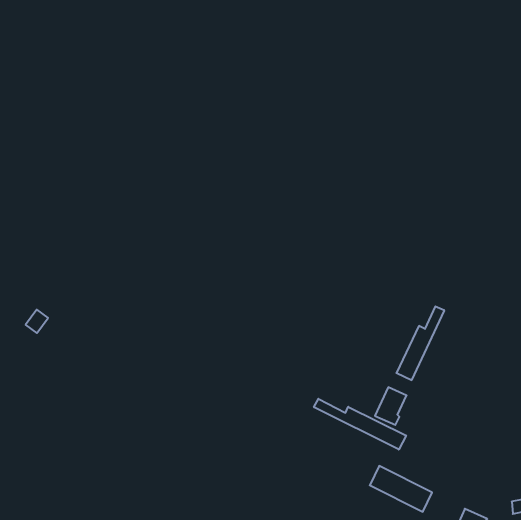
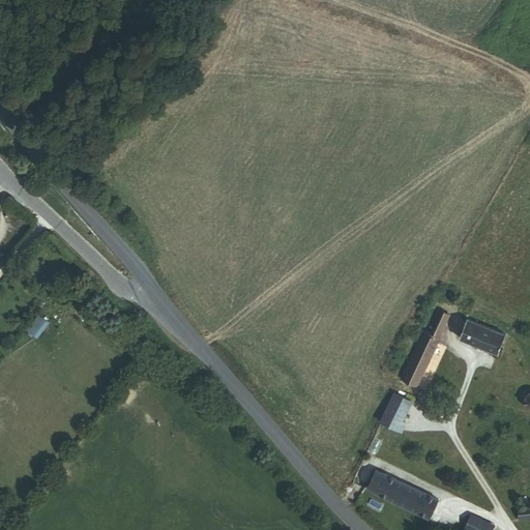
building: none -> [461,321,507,355]
building: [314,399,406,450] -> none

